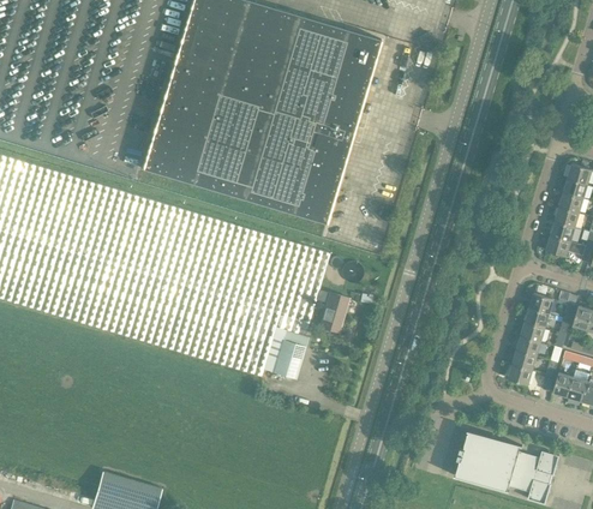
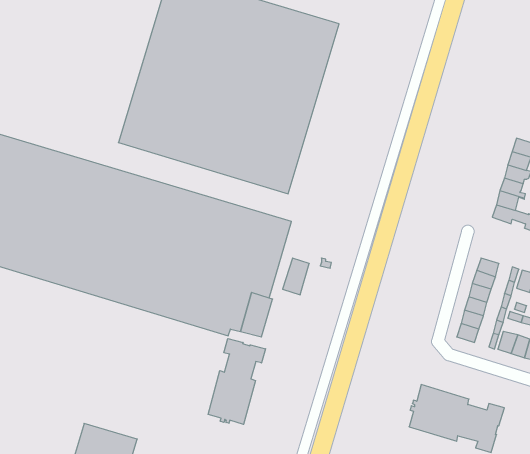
building: none -> [208,339,266,424]

